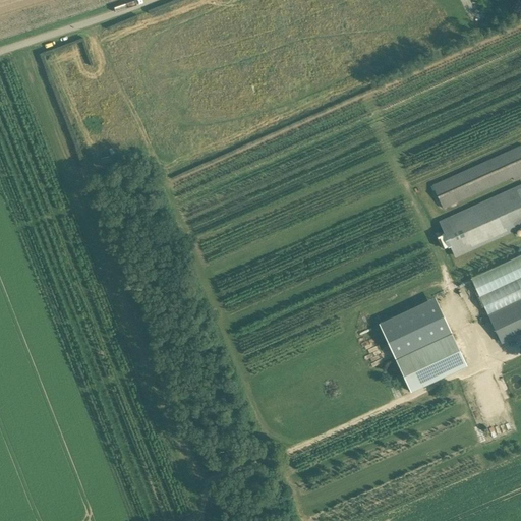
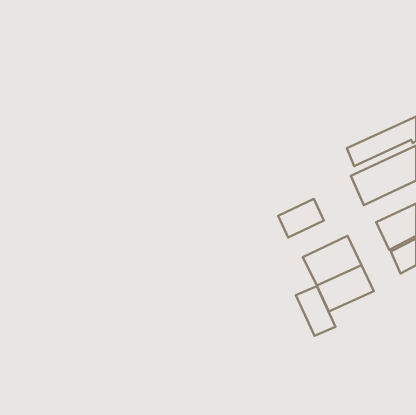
building: none -> [278,199,324,237]
building: none -> [296,286,335,336]

